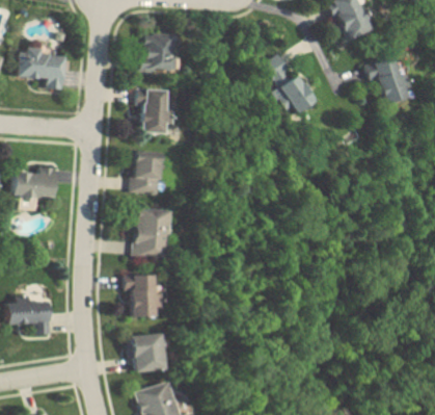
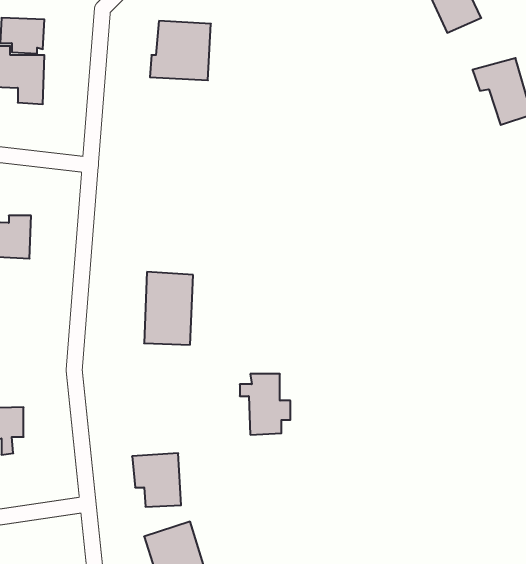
building: [265,54,315,111] -> none
building: [137,86,172,133] -> none
building: [133,156,160,191] -> none
building: [126,275,161,317] -> [240,374,290,435]

